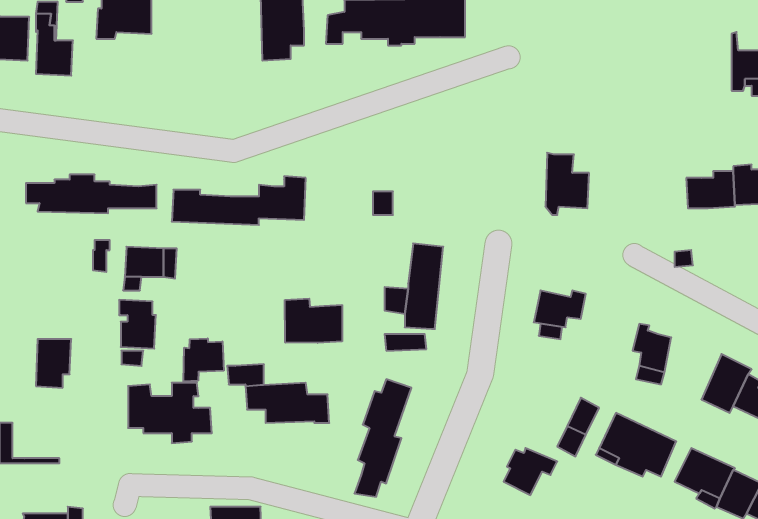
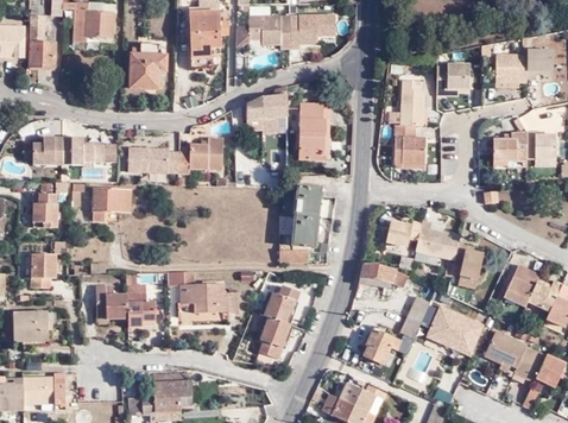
building: none -> [494,38,525,82]
building: none -> [132,43,166,88]
building: none -> [435,63,468,95]
building: none -> [399,78,423,125]
building: none -> [247,86,288,133]
building: none -> [302,107,329,163]
building: none -> [417,221,460,257]
building: [285,299,342,343] -> none
building: [119,300,156,349] -> [33,194,59,228]
building: [184,338,224,381] -> none
building: none -> [359,263,409,288]
building: none -> [15,311,49,339]

